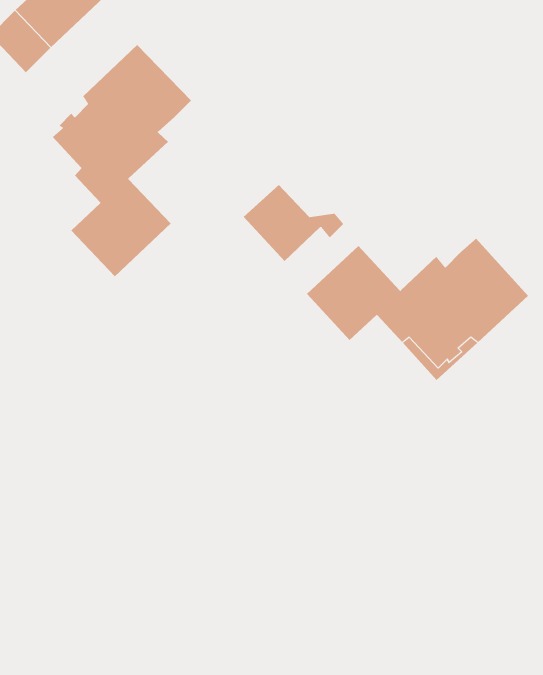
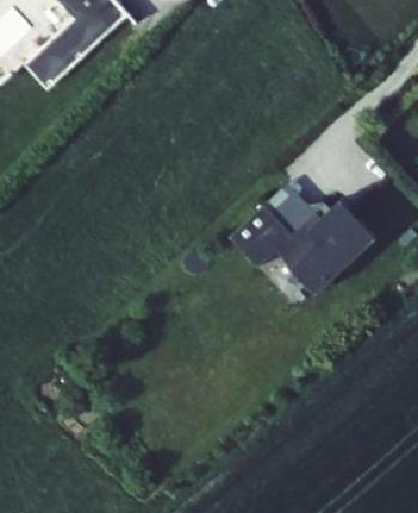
building: [52,44,192,277] -> none
building: [243,184,344,262] -> [264,182,331,233]

